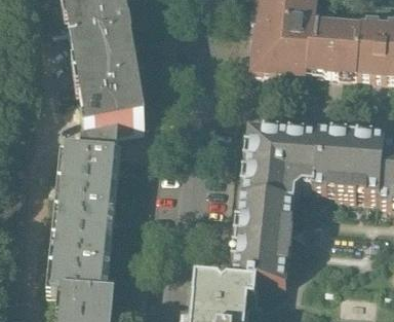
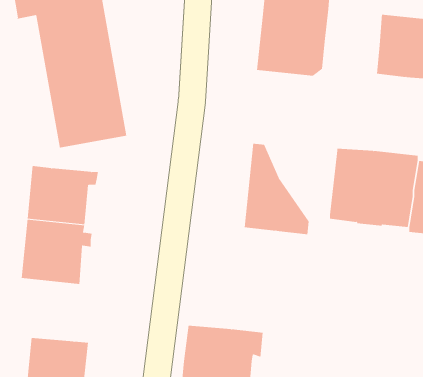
building: [307,14,355,68] -> none
building: [82,124,117,149] -> none
building: [259,127,318,190] -> none
building: [231,195,294,285] -> none
building: [51,238,110,290] -> none

